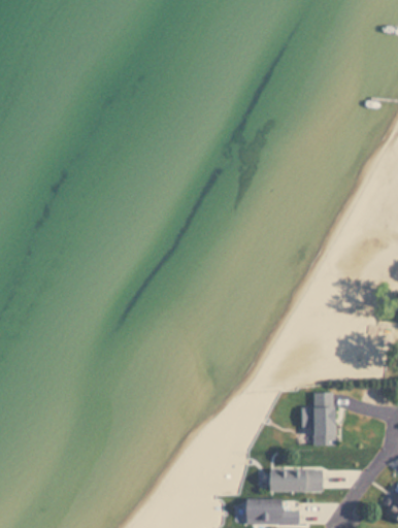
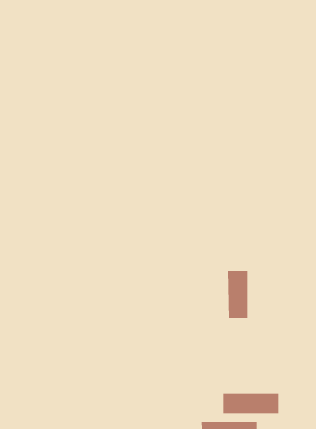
building: [312,393,335,446] -> [227,270,248,319]

